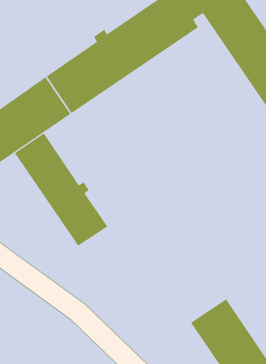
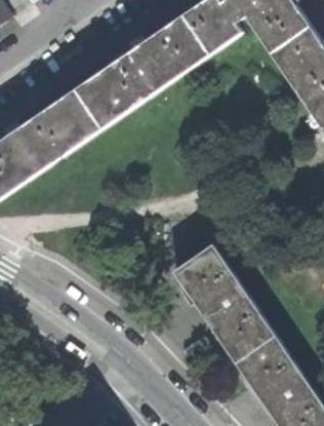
building: [14,132,108,246] -> none
building: none -> [174,242,275,359]

